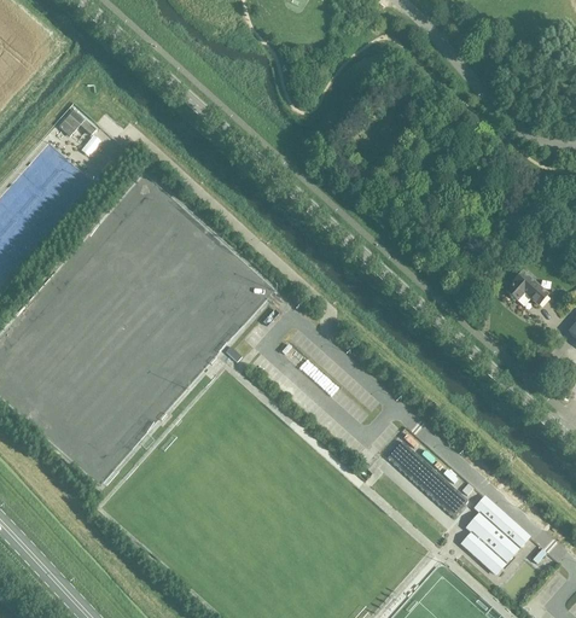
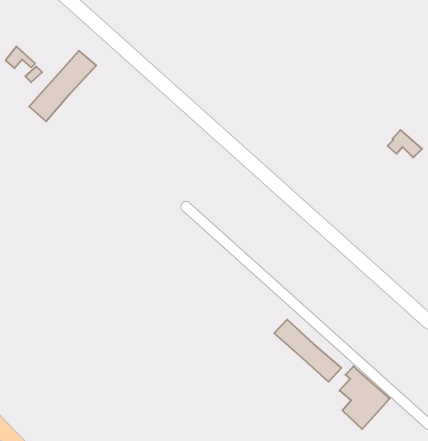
building: none -> [29,51,96,121]
building: [505,272,547,305] -> [388,130,422,158]

